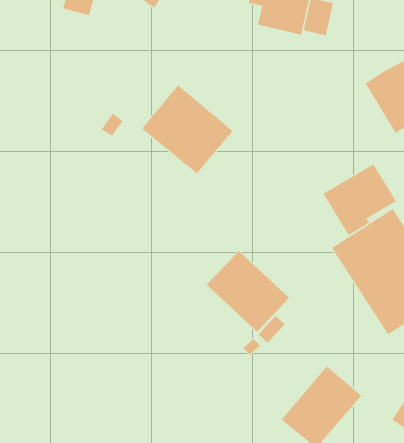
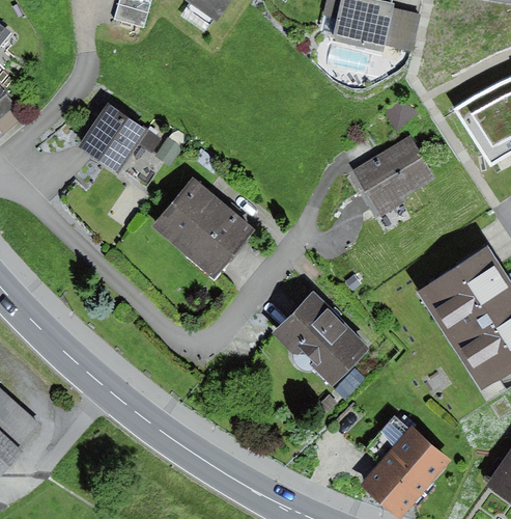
building: none -> [78,103,161,174]
building: [141,84,234,174] -> [152,176,257,278]
building: [323,163,397,236] -> [351,135,435,217]

